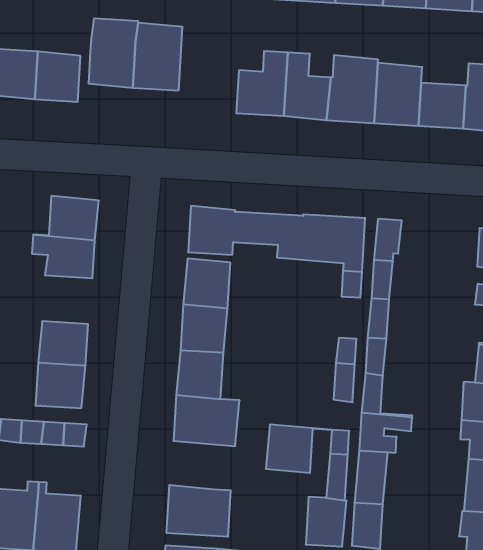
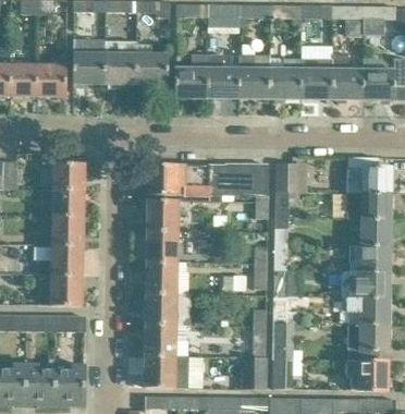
building: none -> [135,41,168,85]
building: none -> [51,217,84,248]
building: [266,424,332,473] -> [145,325,188,356]

